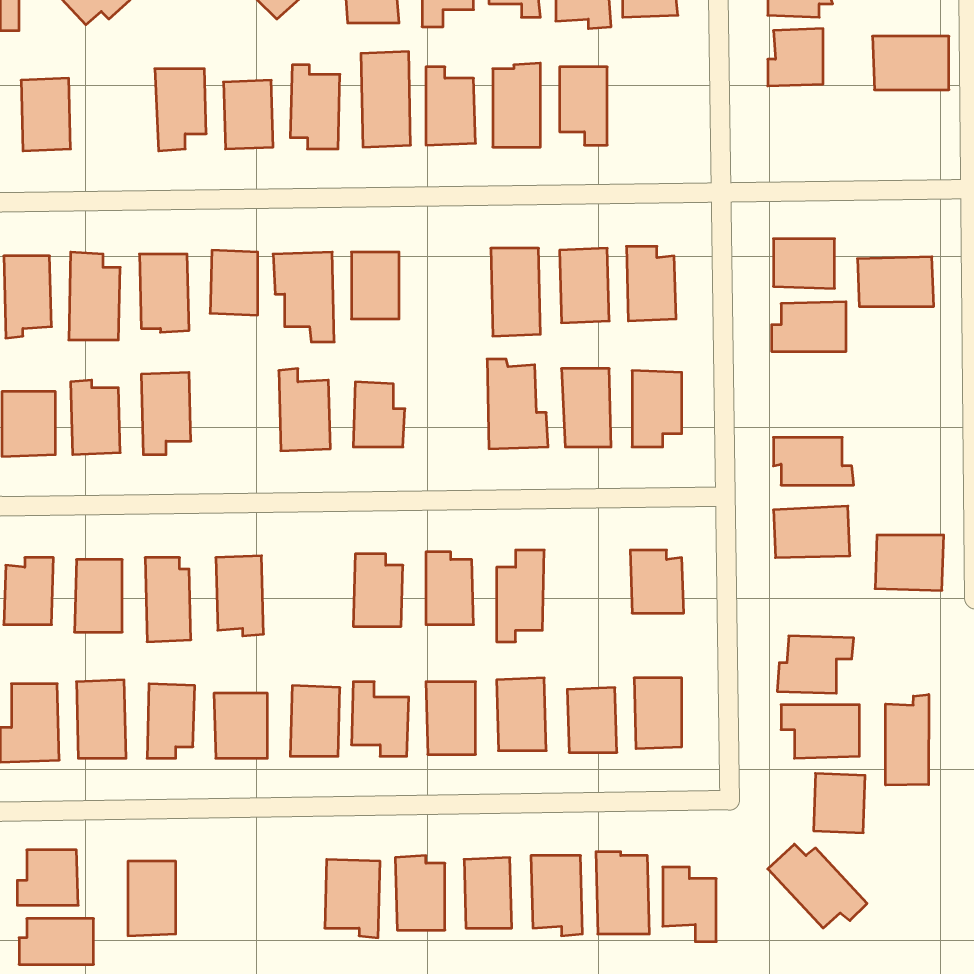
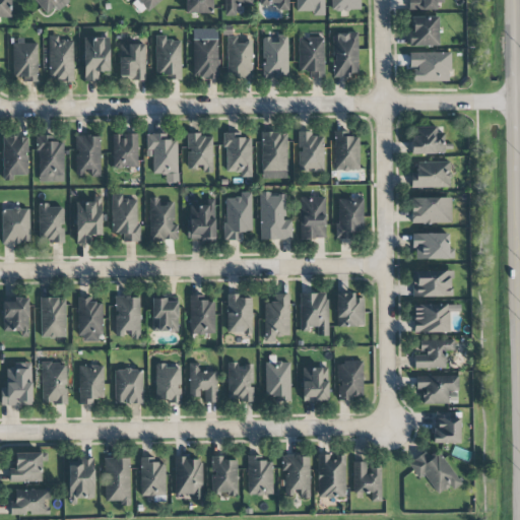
building: [872,36,949,90] -> [410,52,451,80]
building: none -> [333,32,359,75]
building: none -> [49,35,74,80]
building: none -> [225,133,253,177]
building: [857,257,934,306] -> [411,196,452,222]
building: none -> [225,192,253,241]
building: none -> [111,193,139,241]
building: [875,535,944,590] -> [413,303,450,332]
building: none -> [301,292,328,335]
building: none -> [152,299,179,331]
building: [886,694,929,785] -> none
building: none -> [105,457,131,503]
building: none -> [140,457,167,496]

